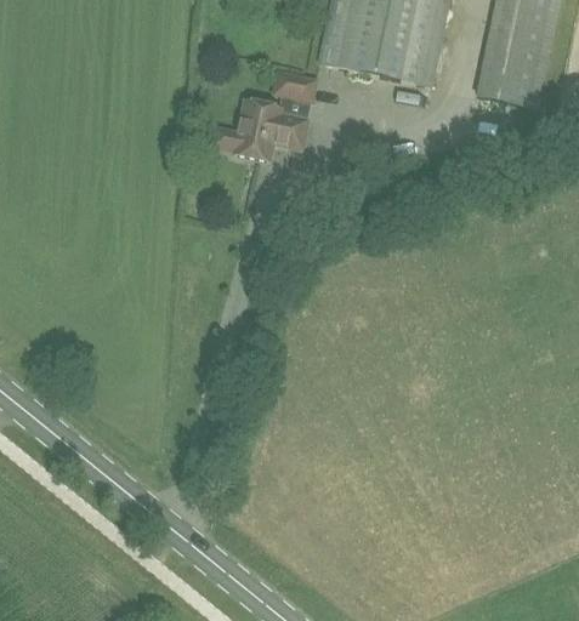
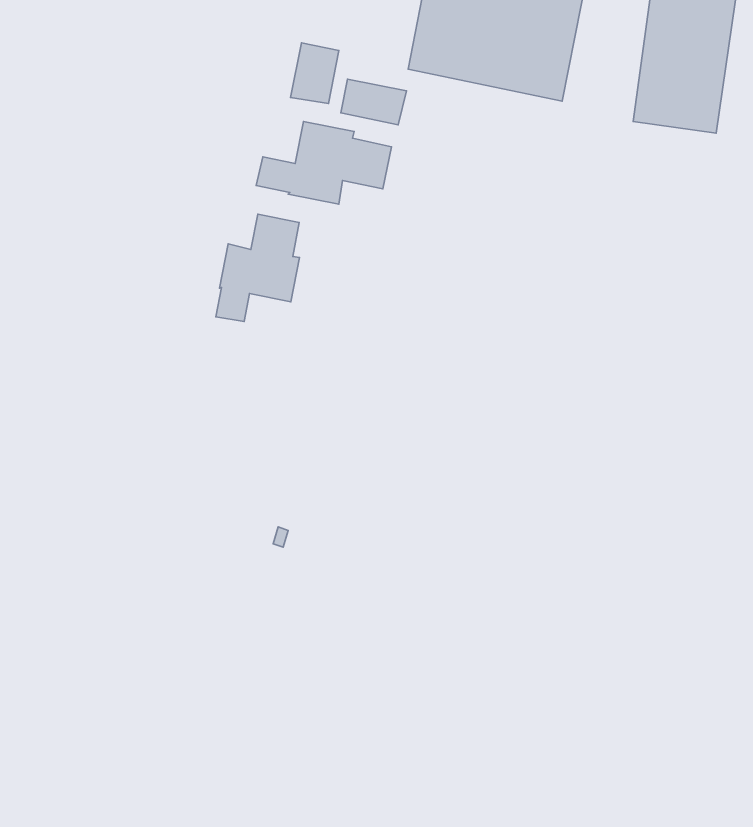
building: none -> [291,43,339,104]
building: none -> [216,214,300,322]

